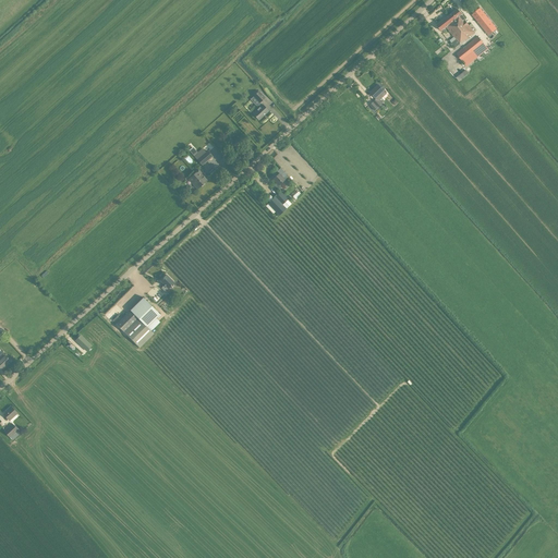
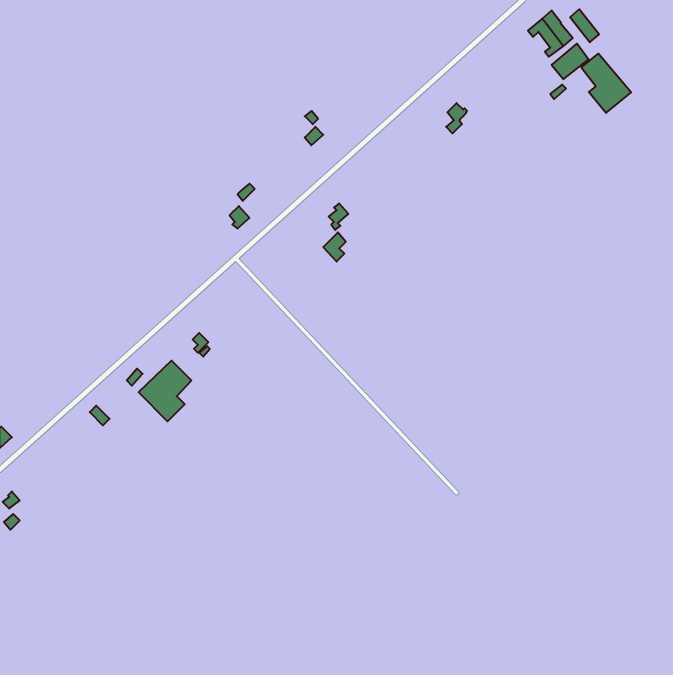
building: none -> [581,54,631,113]

